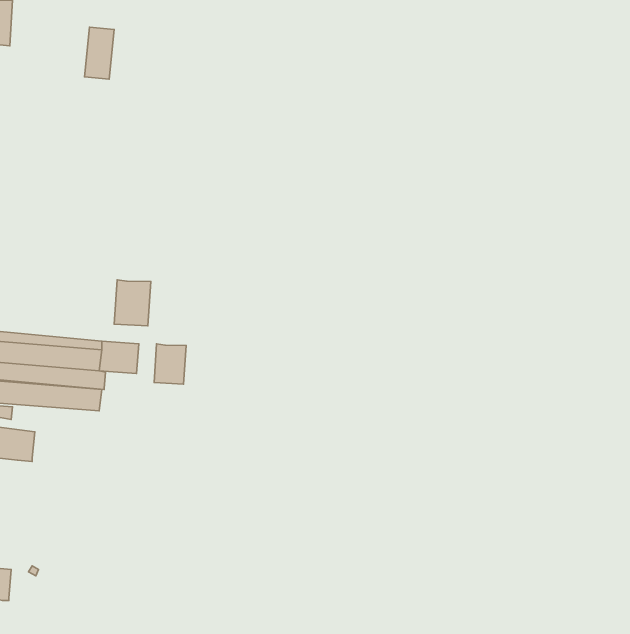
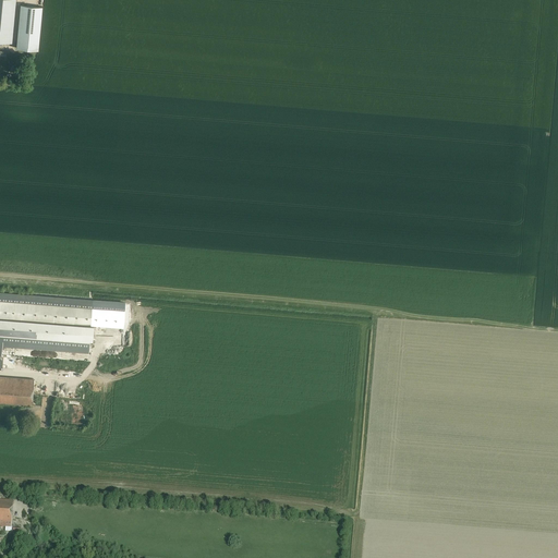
building: [84,27,114,79] -> [13,4,39,50]
building: [114,280,151,326] -> none
building: [154,344,186,384] -> none

